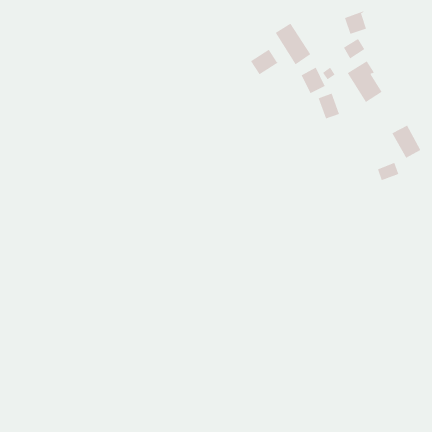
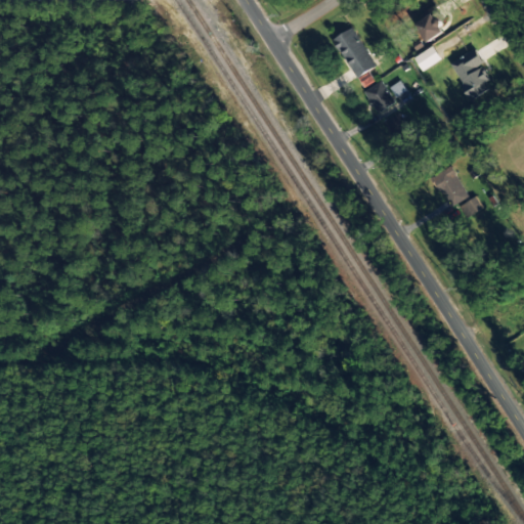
building: [250,49,281,75] -> none
building: [347,60,382,103] -> [450,49,493,100]
building: [392,125,421,159] -> [433,167,469,208]

